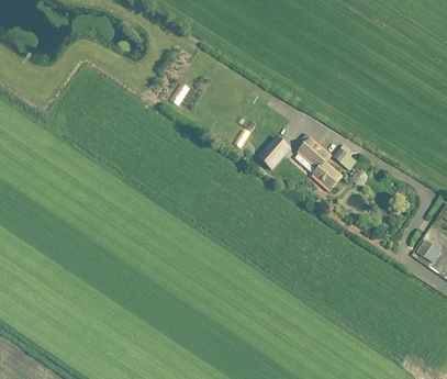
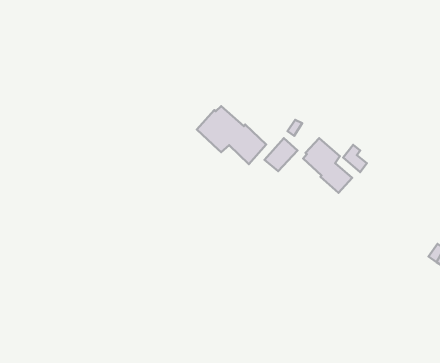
building: none -> [197,106,266,164]

